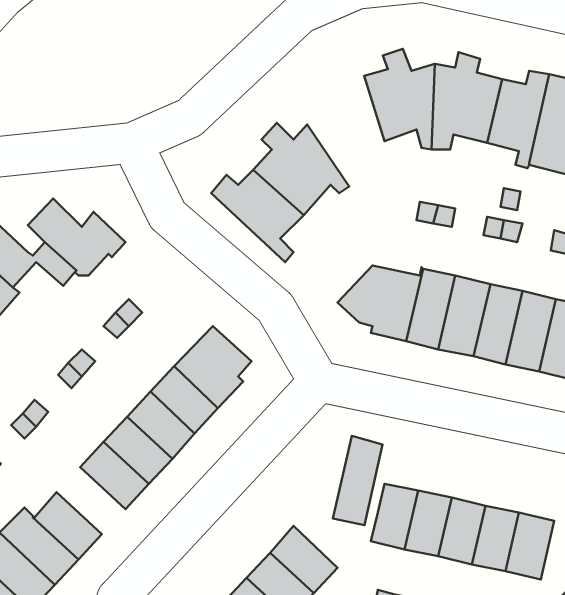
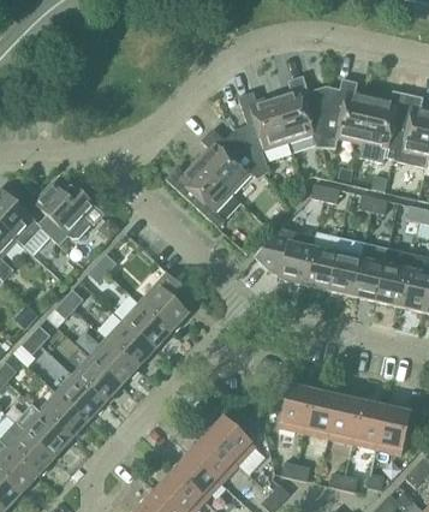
building: none -> [233,91,288,174]
building: [333,436,383,525] -> none
building: none -> [54,375,103,423]

